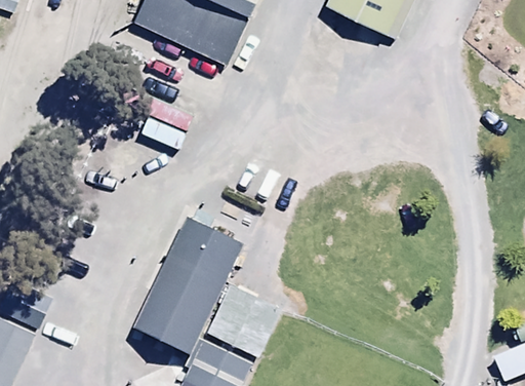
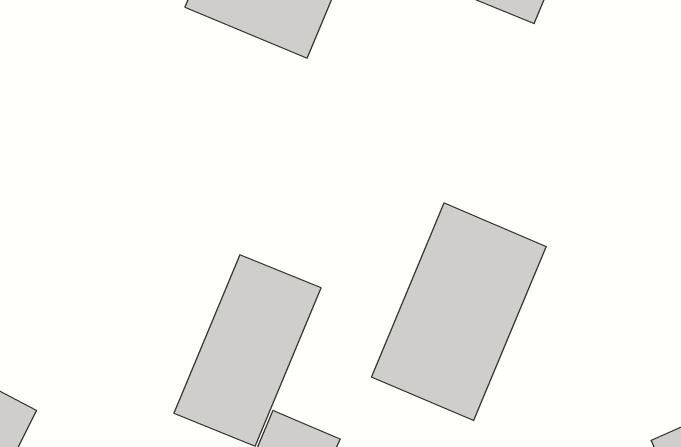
building: none -> [372,203,546,421]

